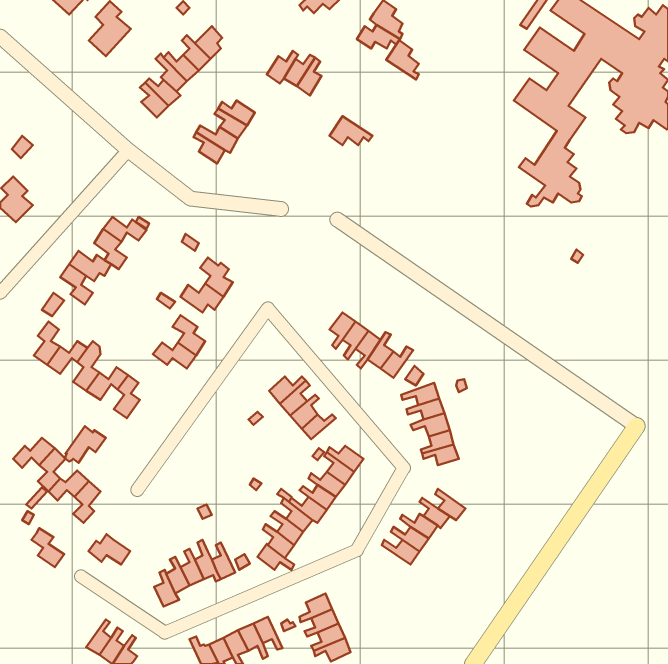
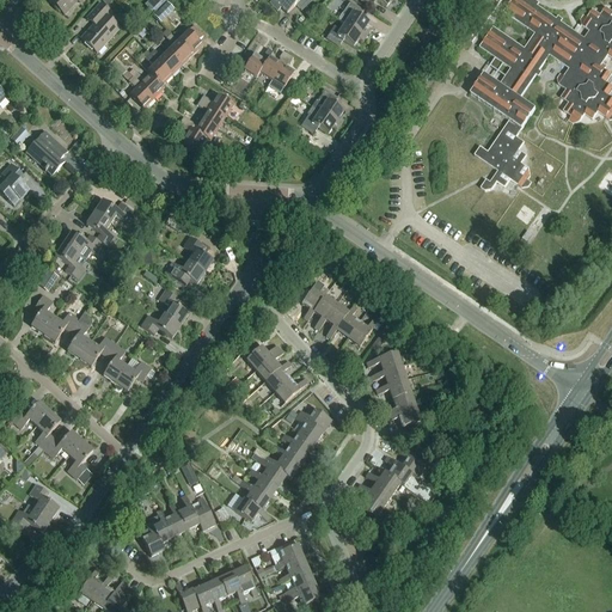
building: [386,40,419,79] -> [313,88,343,124]
building: none -> [25,129,68,175]
building: [65,426,106,463] -> [116,357,153,391]
building: [88,534,130,564] -> [12,503,50,531]

